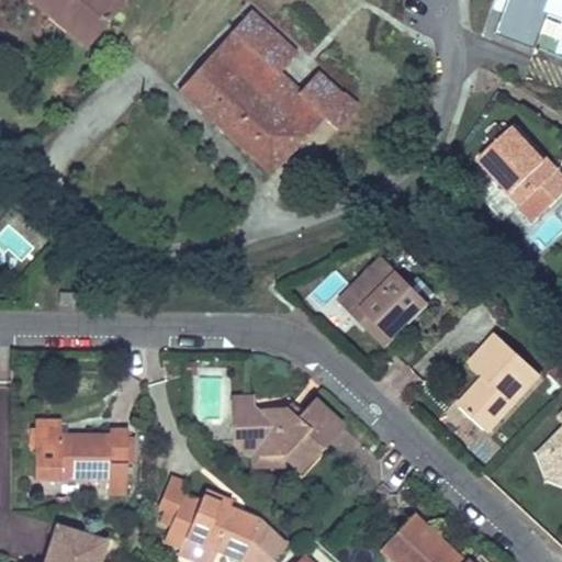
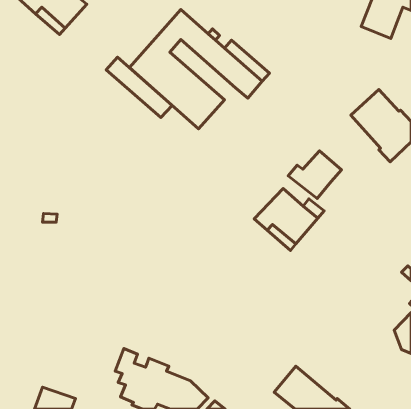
building: [232,54,322,136] -> [106,57,172,117]
building: none -> [288,151,342,198]
building: [457,331,542,431] -> none
building: [233,395,344,470] -> none
building: [34,423,127,493] -> none

